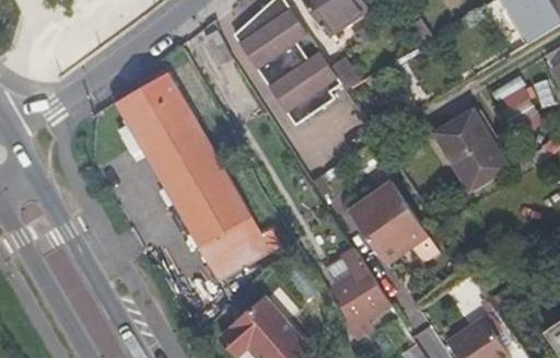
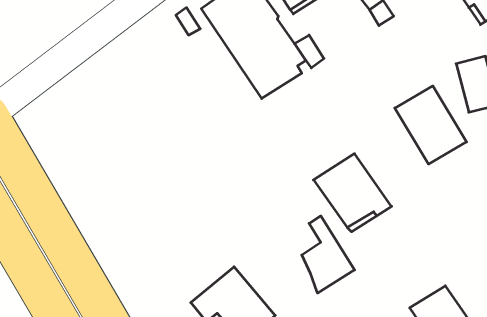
building: [117,74,271,279] -> none

